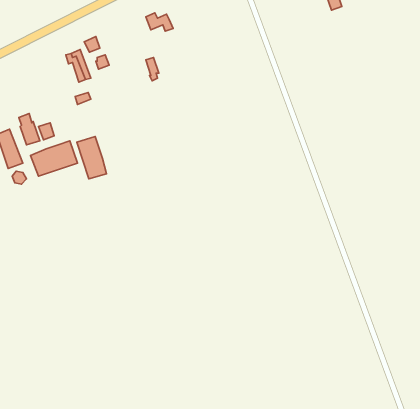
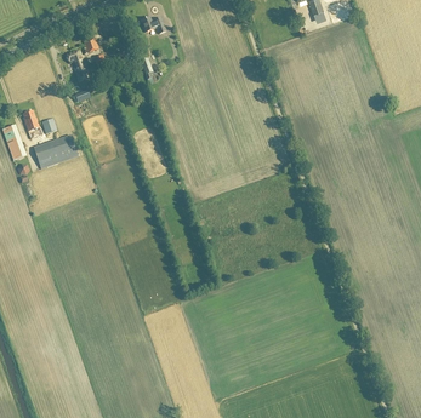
building: [77,137,106,179] -> none

